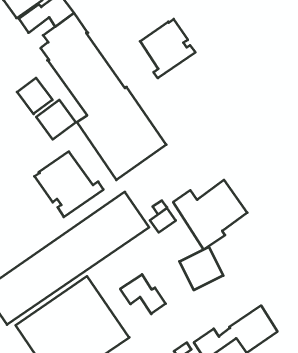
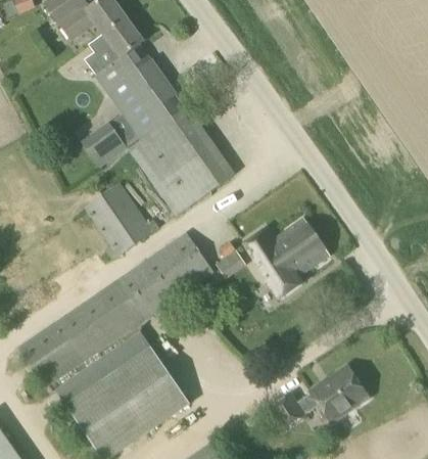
building: [140,19,195,78] -> none
building: [17,78,52,114] -> none
building: [179,247,223,290] -> none
building: [120,274,166,314] -> none

